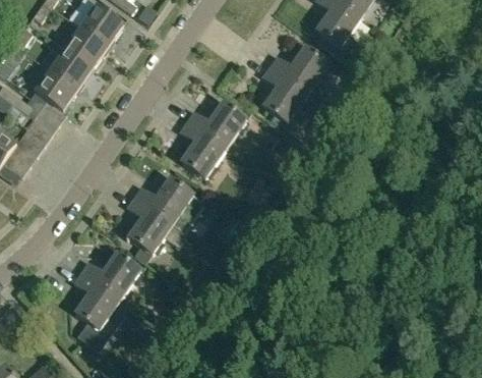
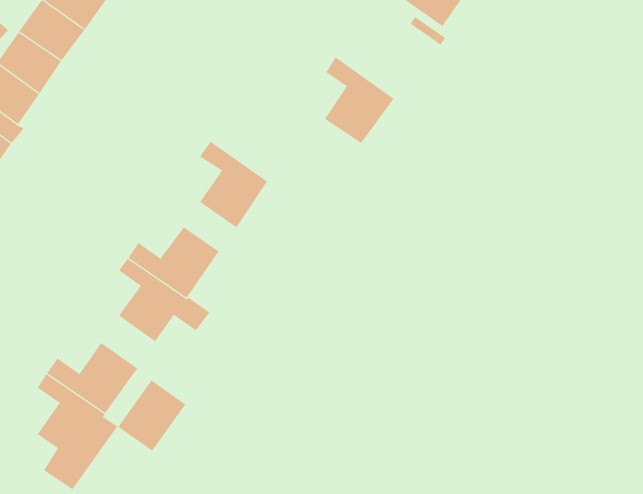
building: [268,47,327,94] -> none
building: [187,102,245,148] -> none
building: none -> [117,379,186,452]

